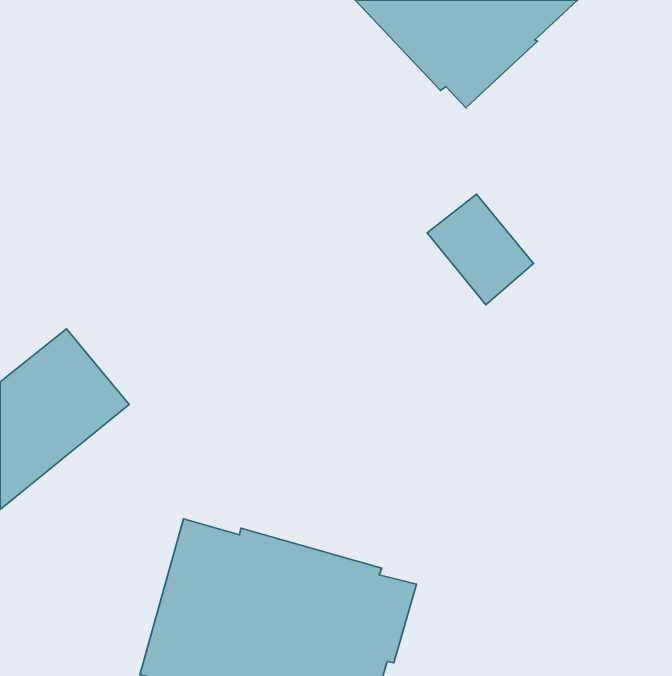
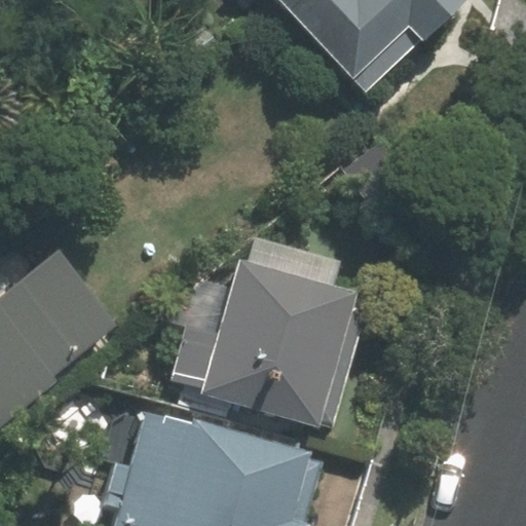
building: none -> [175,259,365,427]

